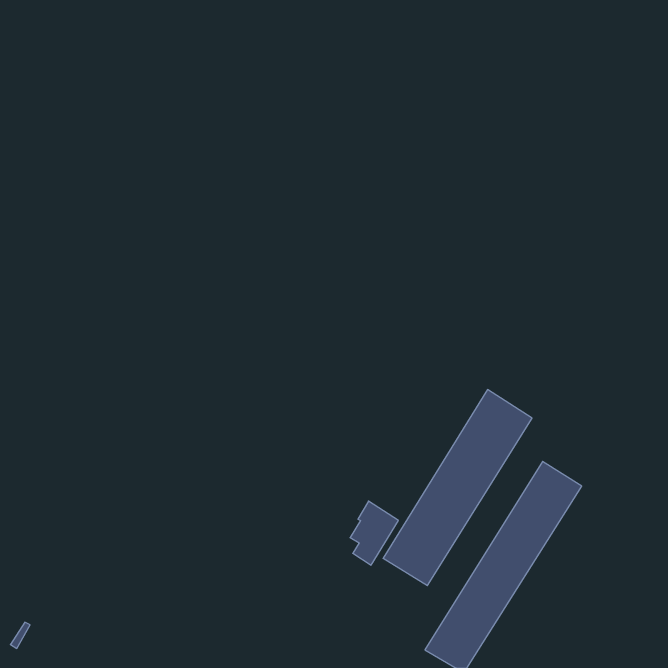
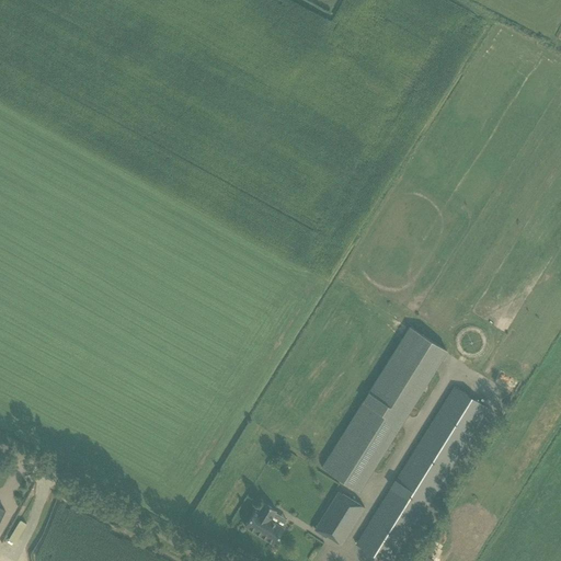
building: [350,501,398,565] -> [323,491,364,545]
building: none -> [244,503,284,545]

